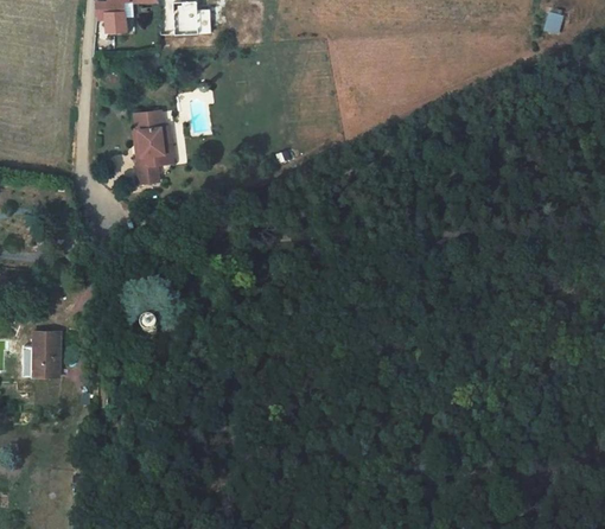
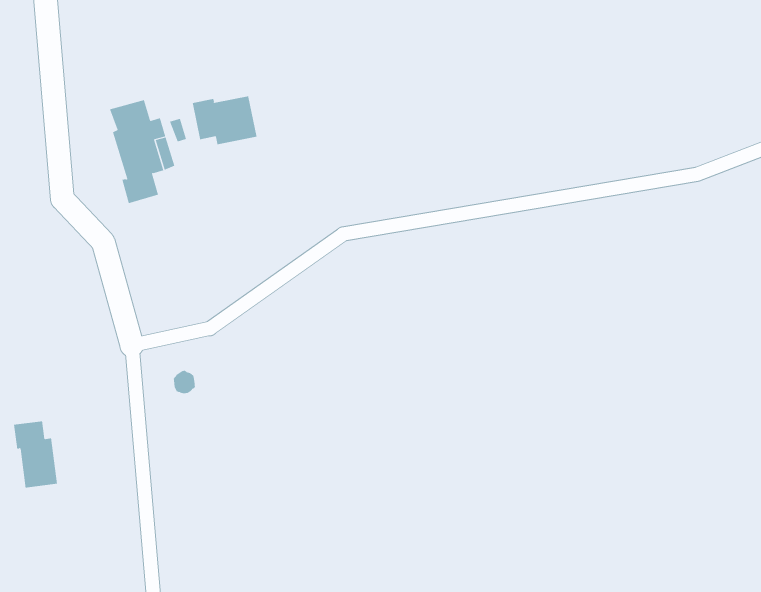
building: none -> [192,95,257,145]

